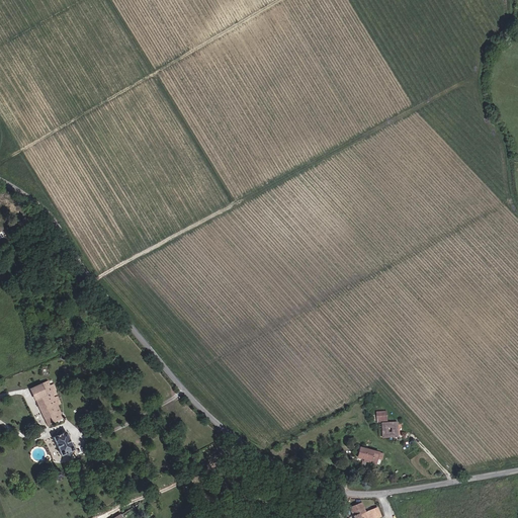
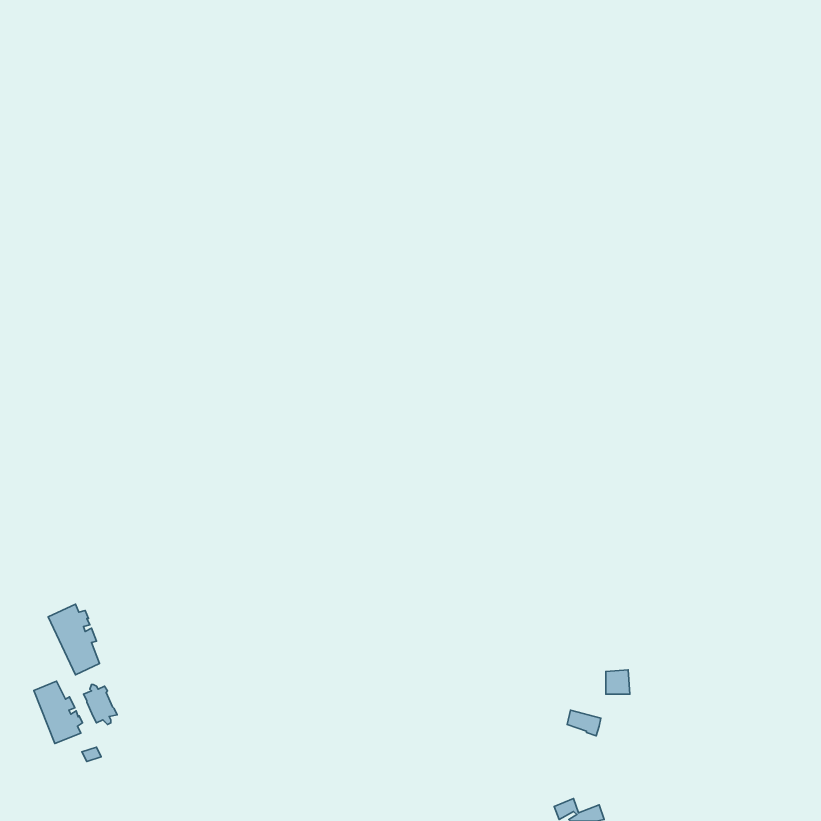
building: none -> [34,681,83,743]

